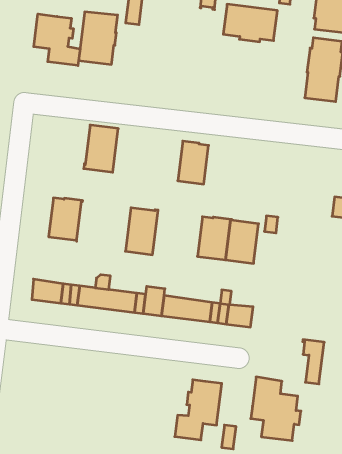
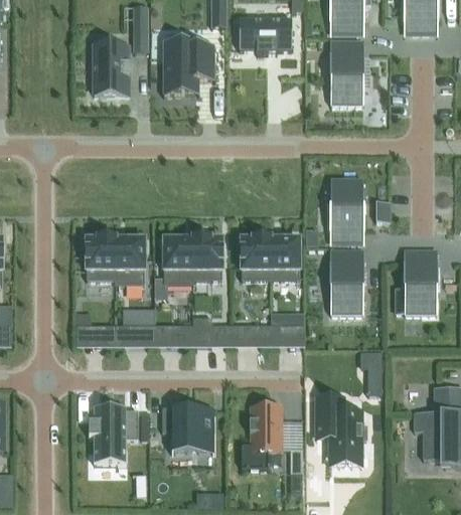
building: [34,14,80,66] -> none
building: none -> [162,40,214,95]
building: [84,125,118,172] -> [114,239,144,285]
building: [178,141,209,184] -> [194,238,221,280]
building: none -> [328,179,363,242]
building: none -> [329,251,363,320]
building: none -> [88,407,138,464]
building: none -> [162,407,213,453]

